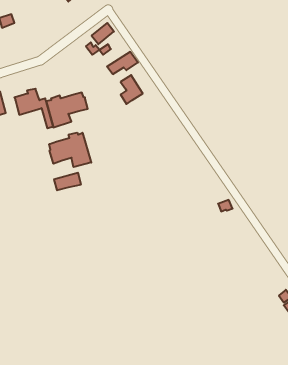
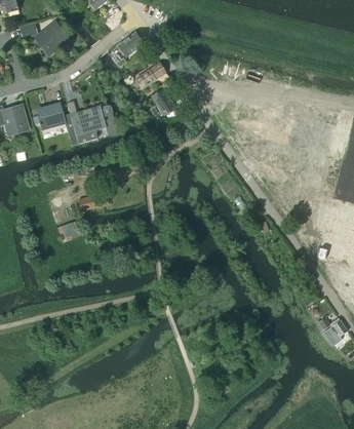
building: none -> [36,22,68,52]
building: [49,133,91,167] -> none

